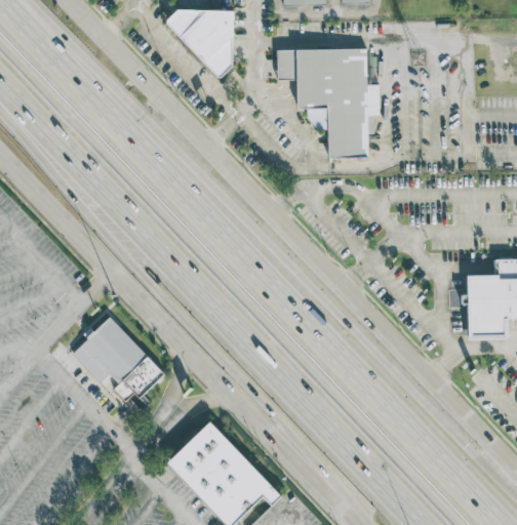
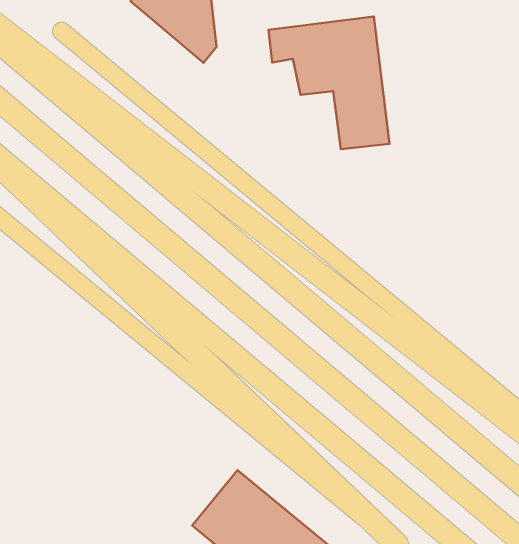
building: [72,317,164,400] -> none

